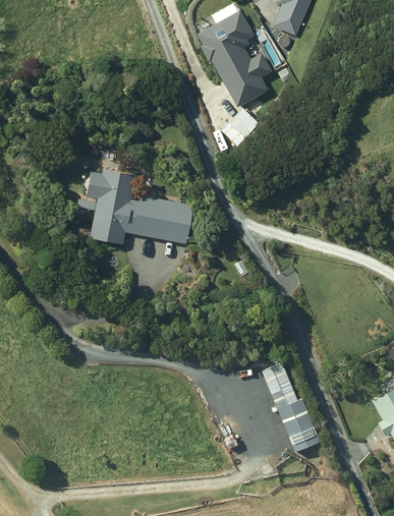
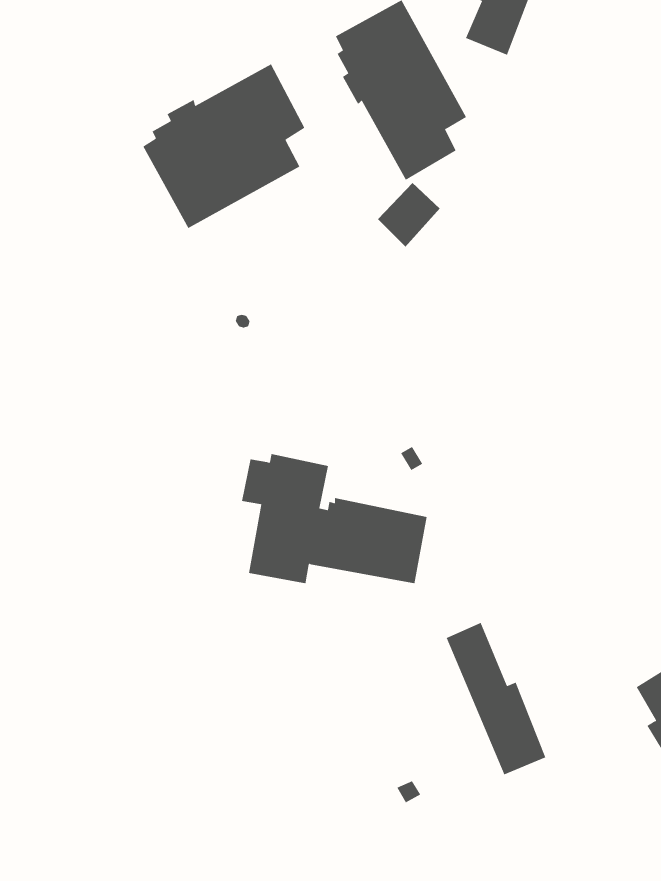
building: none -> [142,63,305,229]
building: [86,169,193,244] -> [241,454,427,584]

